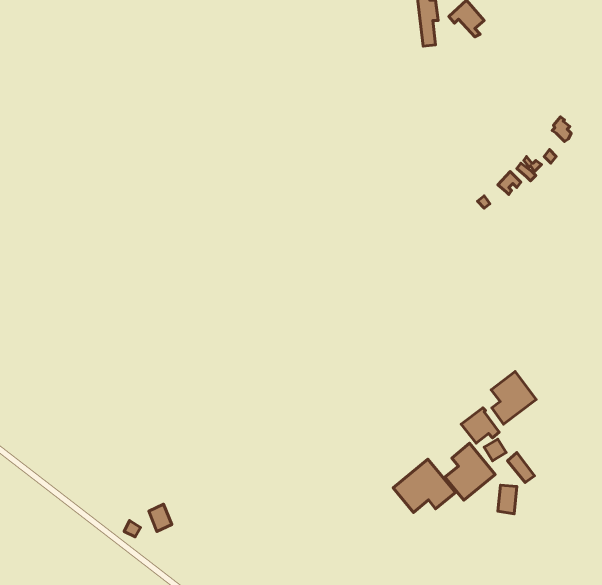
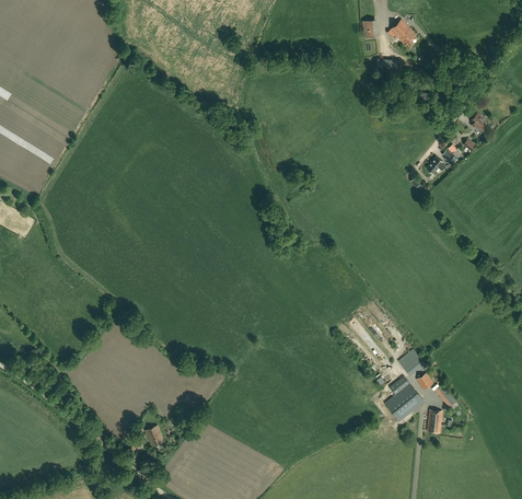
building: [491,372,536,424] -> none
building: [393,459,456,512] -> none

